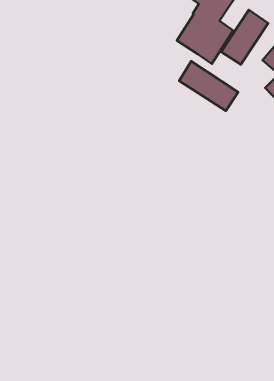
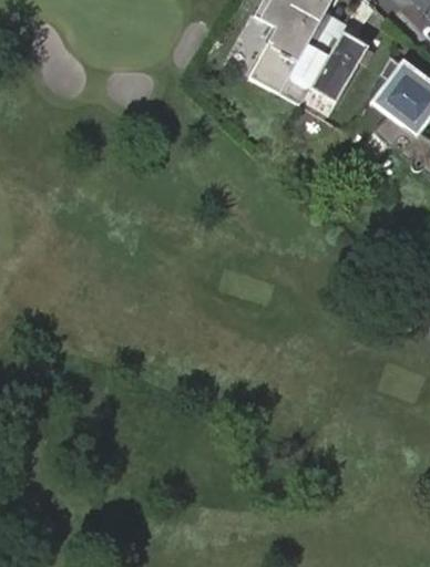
building: [179,61,238,111] -> none

